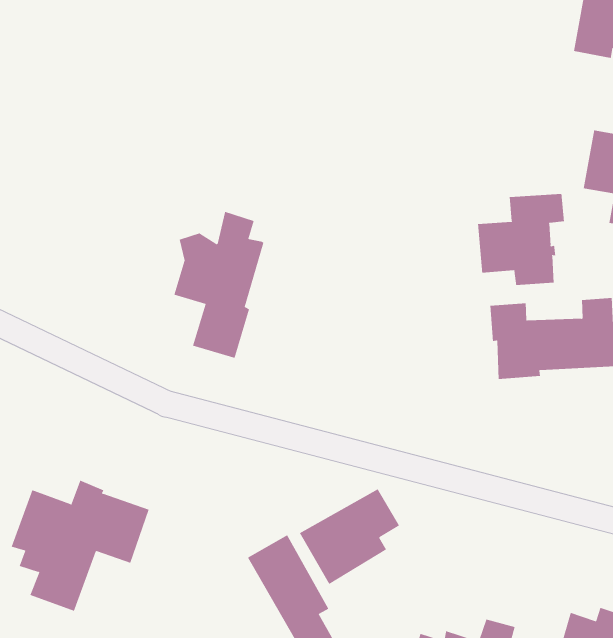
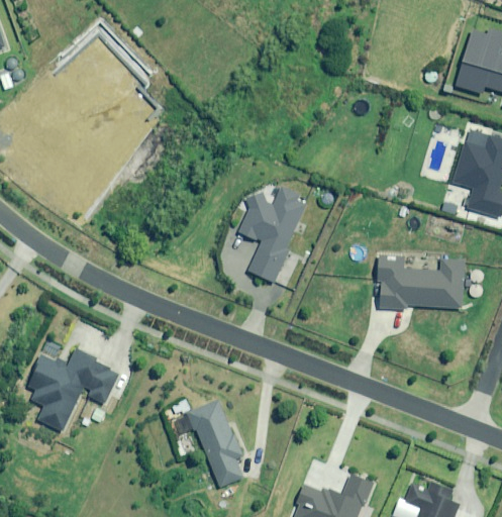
building: [478,193,564,286] -> none
building: [173,211,264,358] -> [238,180,306,284]
building: [299,488,400,585] -> none

